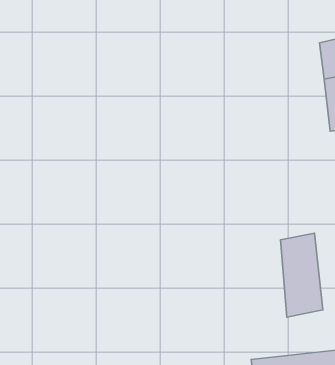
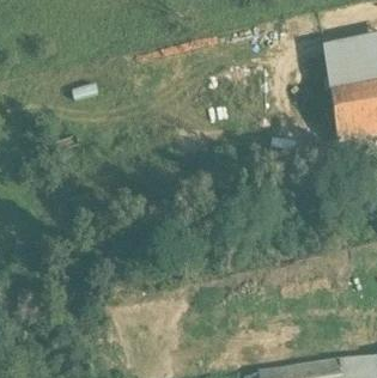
building: [280,233,323,317] -> none

